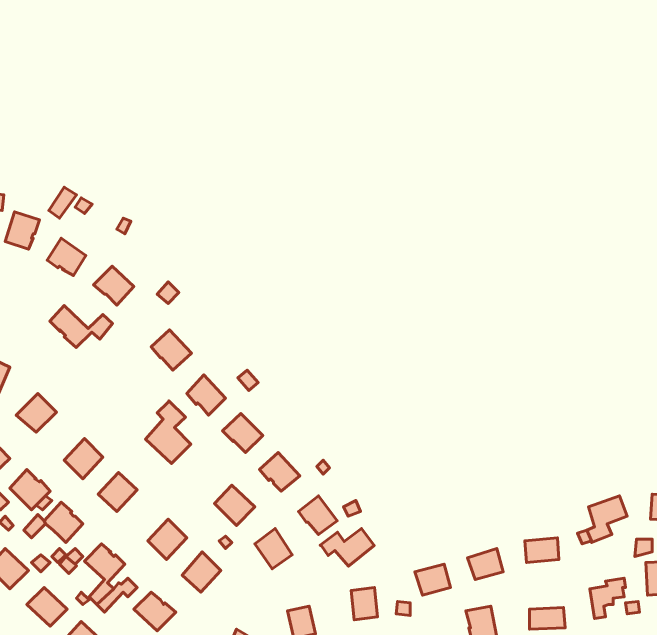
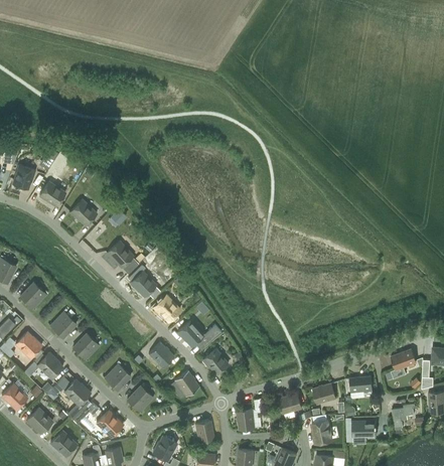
building: [50,305,113,348] -> none
building: [145,401,191,464] -> none
building: [320,529,374,566] -> none

